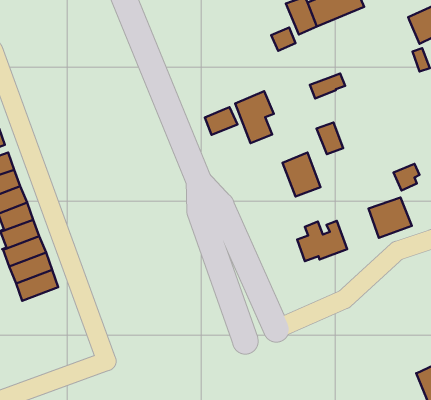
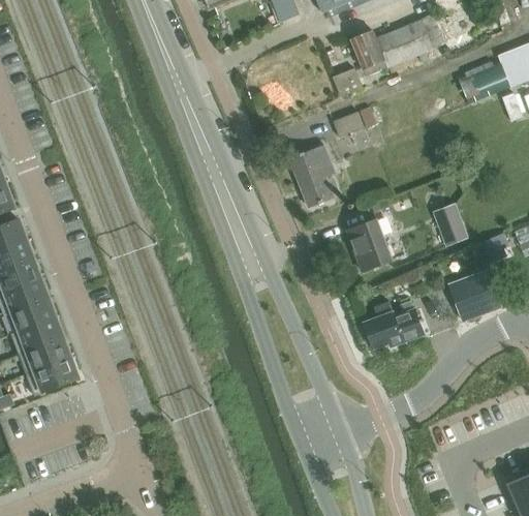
building: none -> [458,58,511,104]
building: [310,74,345,99] -> [335,108,377,138]
building: [205,107,237,135] -> none
building: [316,122,343,154] -> [436,204,468,242]

